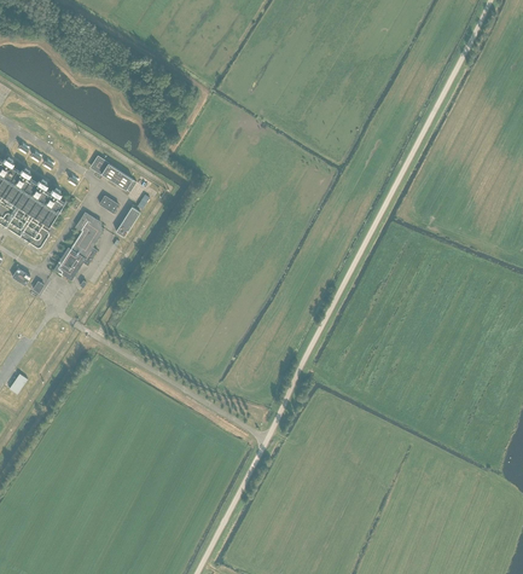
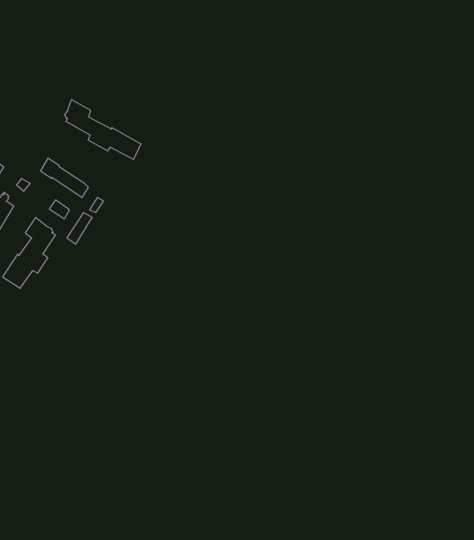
building: none -> [65,100,141,159]

